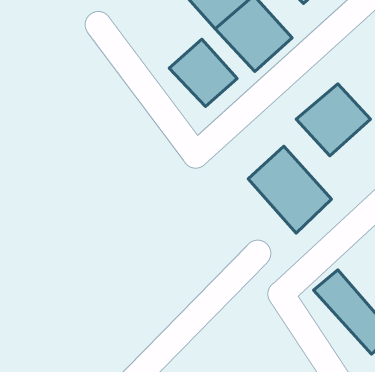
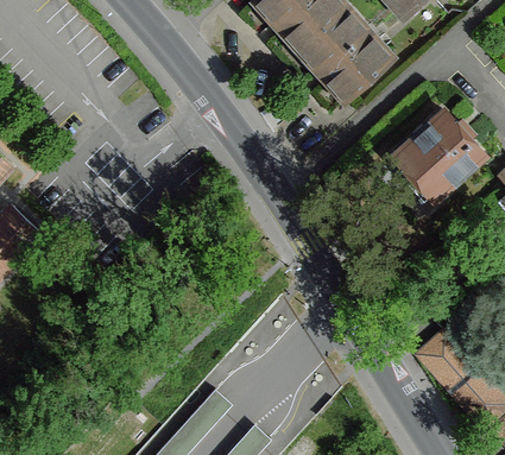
building: [169,39,237,107] -> none
building: [248,146,332,233] -> none

